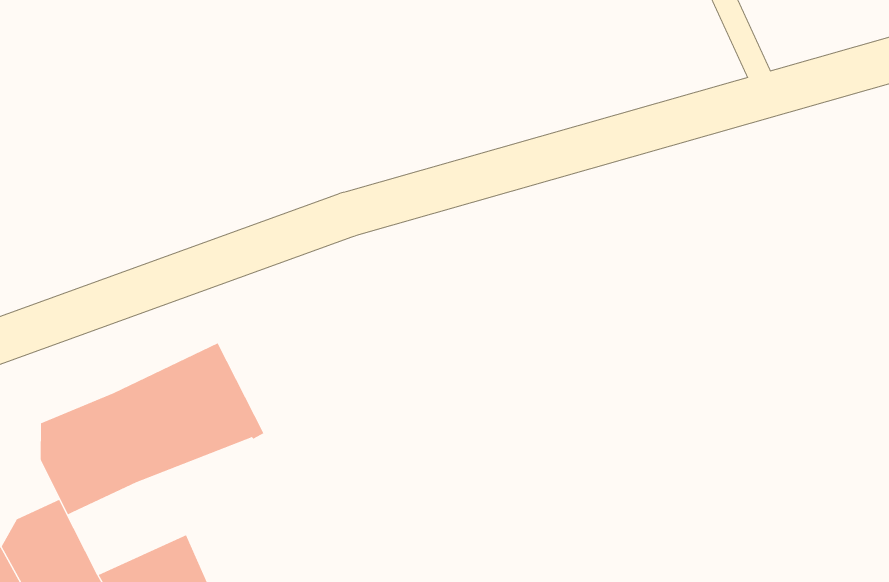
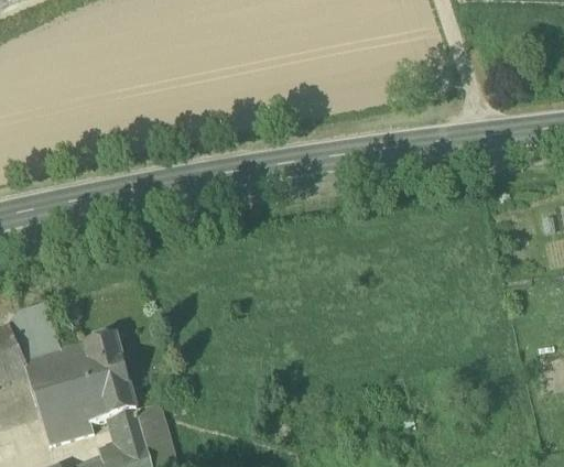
building: [40,342,264,515] -> none

